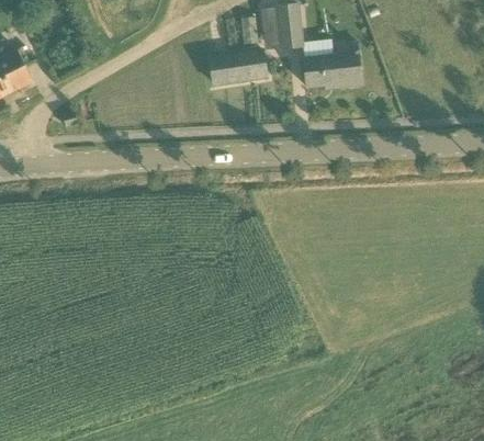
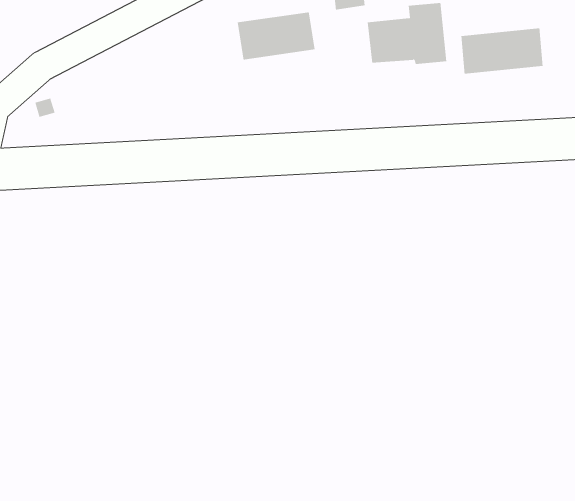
building: none -> [461,27,543,75]

